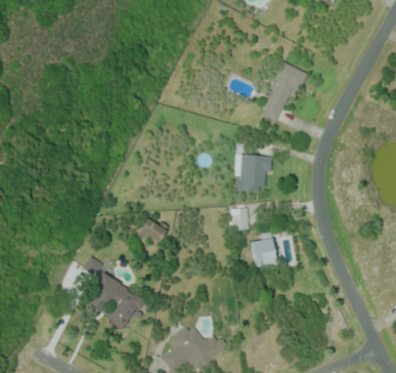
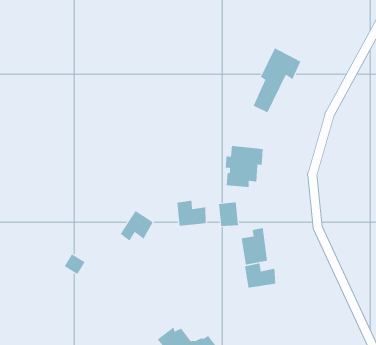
building: none -> [177,200,206,226]
building: none -> [244,262,276,289]
building: [82,270,146,331] -> none

